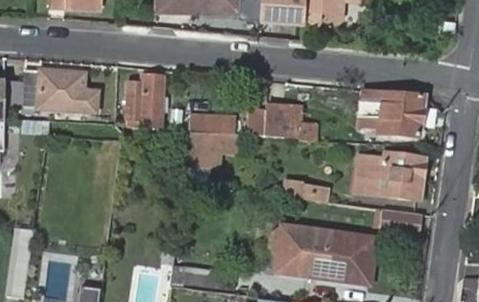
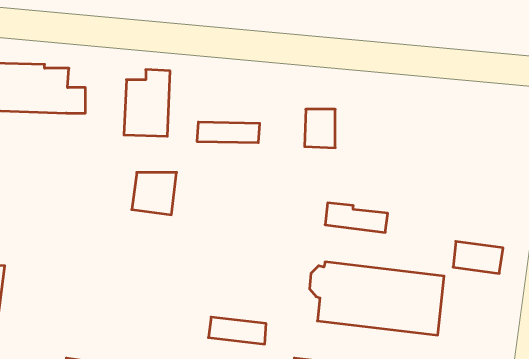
building: [362,87,424,133] -> none
building: [187,133,222,166] -> [132,172,177,215]
building: [357,151,426,197] -> none

